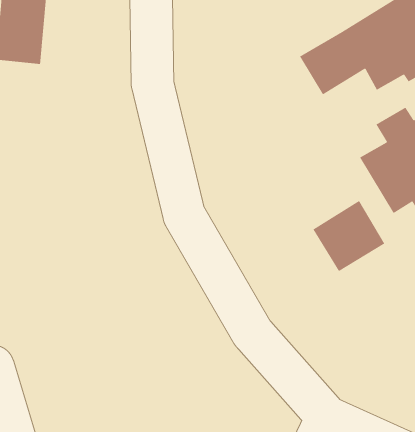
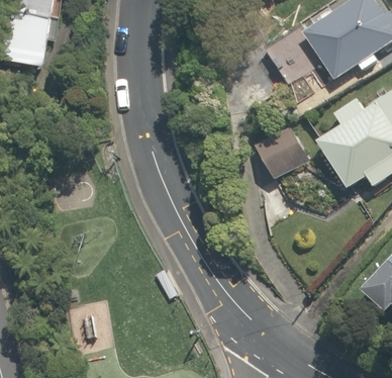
building: [313,200,385,272] -> [251,121,313,183]

